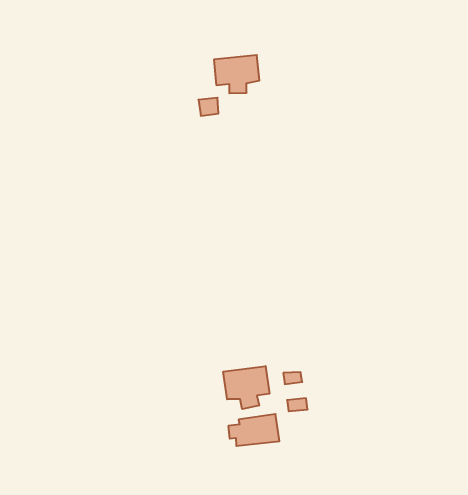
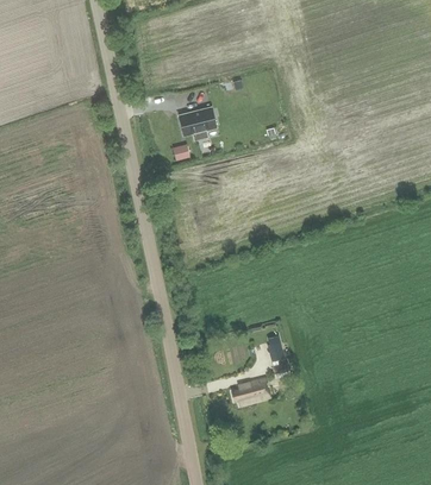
building: [223,366,269,409] -> none

